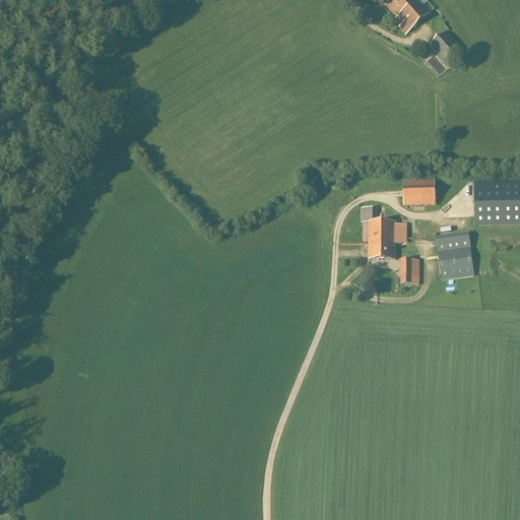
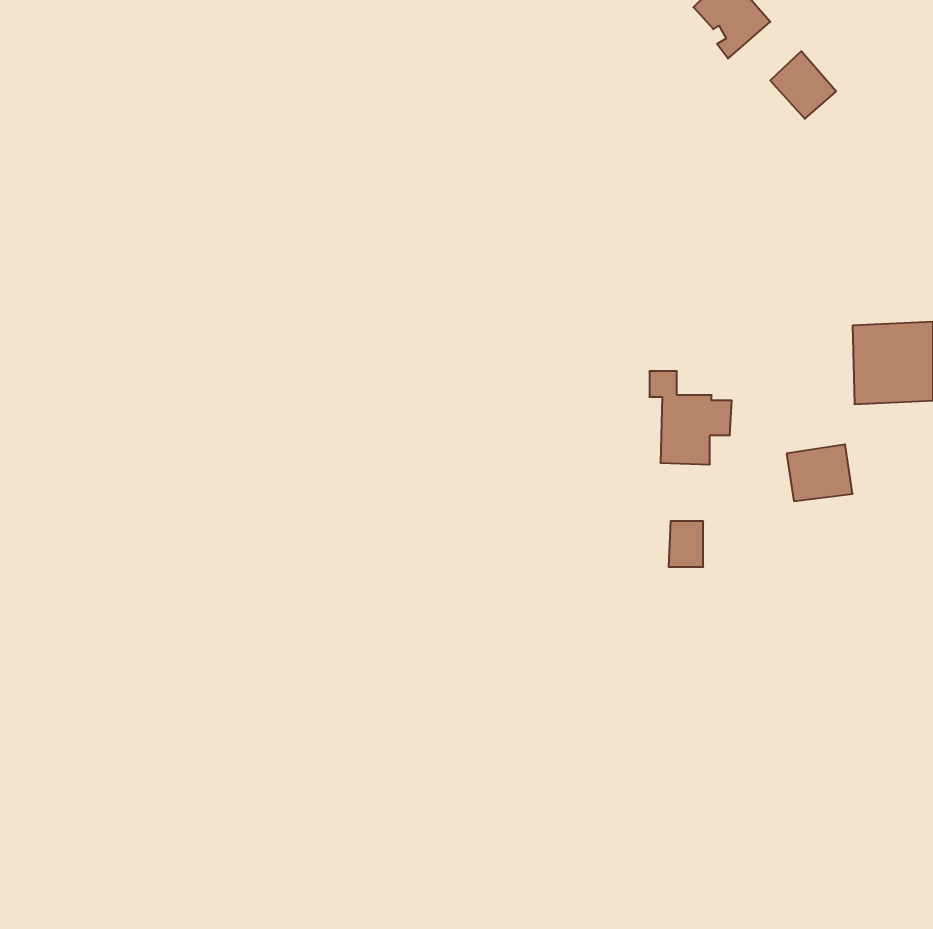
building: [401,178,434,204] -> none
building: [434,231,469,251] -> none
building: [399,258,418,283] -> [669,521,703,567]

